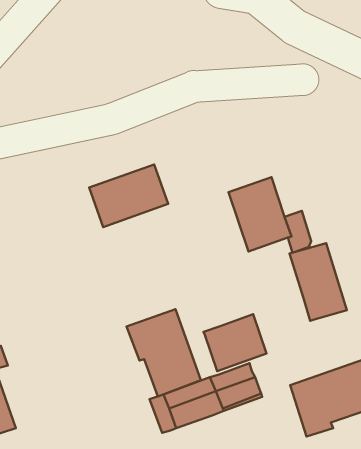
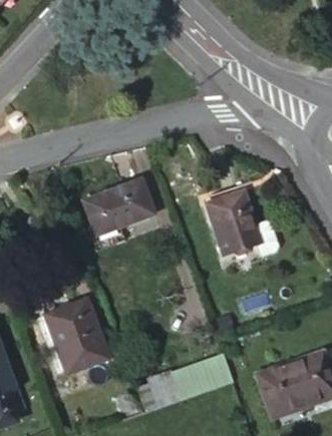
building: [289,243,347,321] -> none
building: [127,309,201,396] -> [45,299,109,374]
building: [204,314,267,371] -> none

